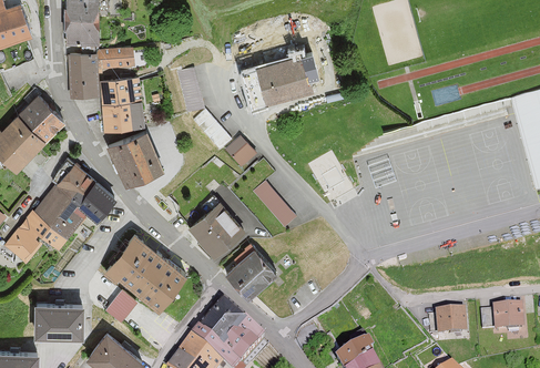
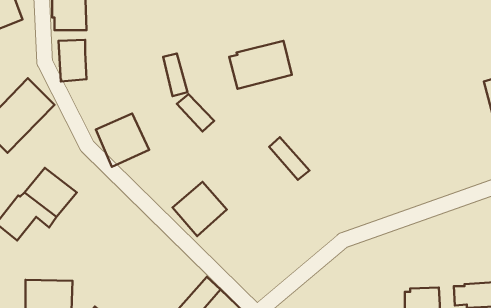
building: [95,45,133,64] -> none
building: [100,74,143,126] -> none
building: [224,133,256,165] -> none
building: [51,156,115,218] -> none
building: [253,180,295,224] -> [269,137,310,180]
building: [103,231,185,305] -> none
building: [224,245,275,295] -> none
building: [105,287,135,319] -> none

